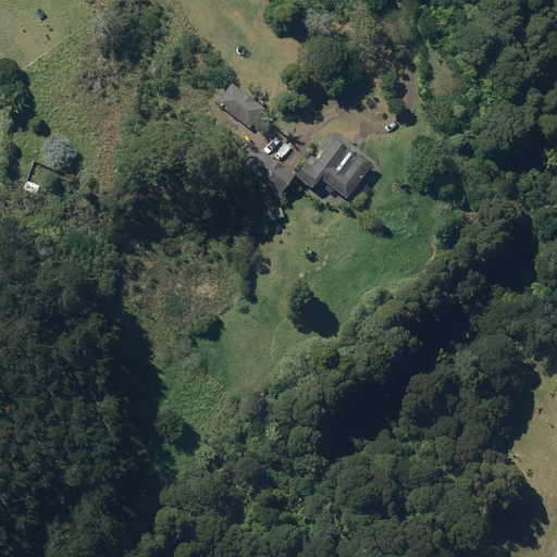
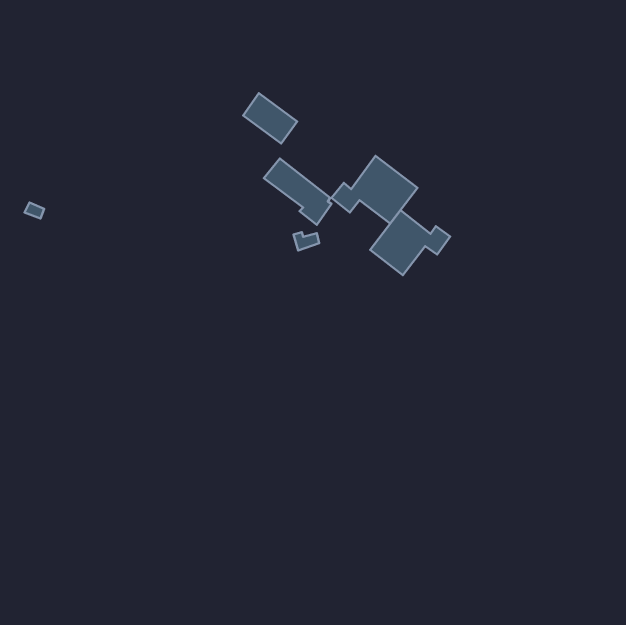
building: none -> [370,210,450,275]

